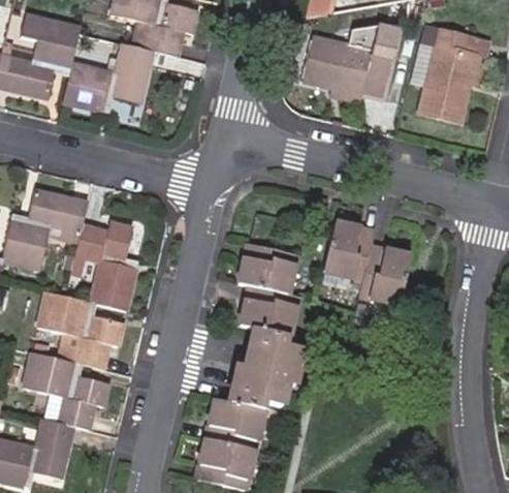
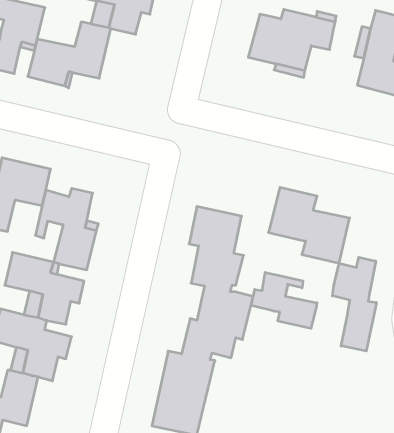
building: none -> [332,257,376,351]
building: none -> [251,272,317,328]

